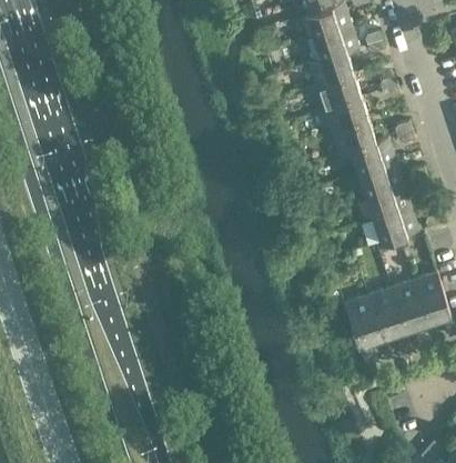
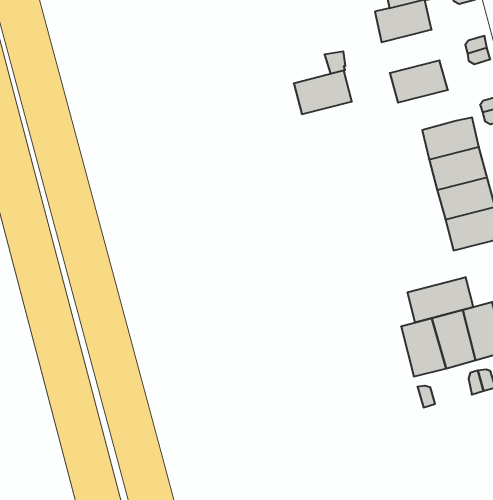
building: [313,73,358,109] -> [294,71,352,114]
building: [328,119,374,154] -> none
building: none -> [408,277,473,323]

